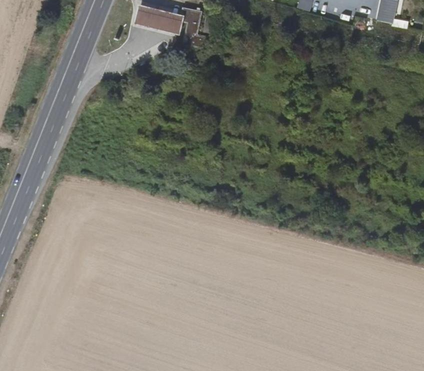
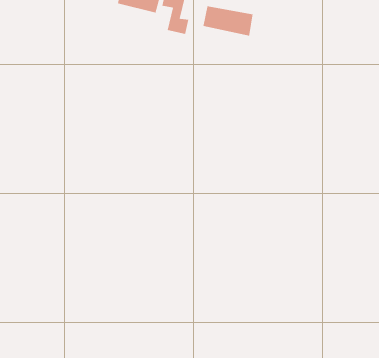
building: none -> [203,5,253,36]

